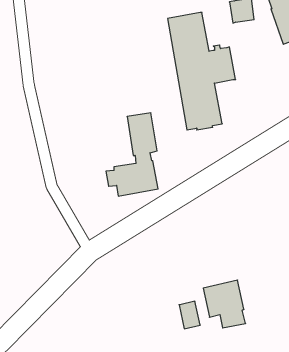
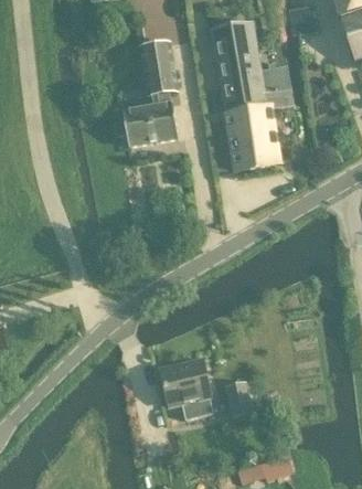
building: [106,113,158,196] -> [111,42,177,146]
building: [203,280,246,328] -> [159,360,212,419]

